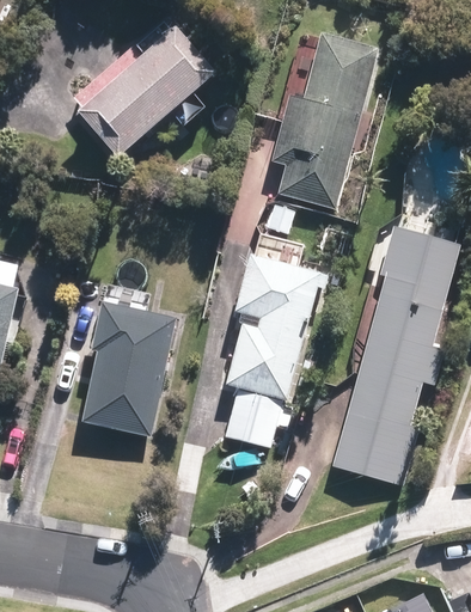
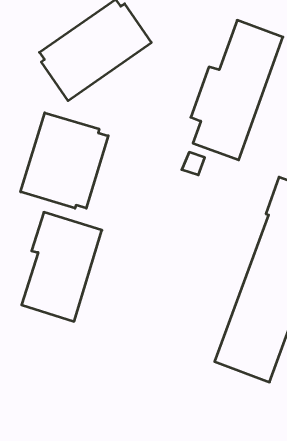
building: none -> [21,113,108,208]
building: [224,253,326,447] -> none

